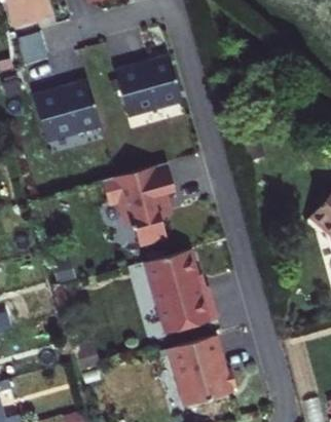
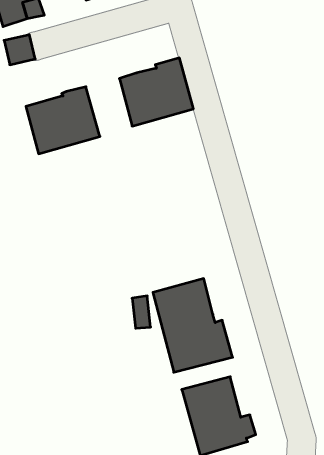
building: [102,163,176,246] -> none

